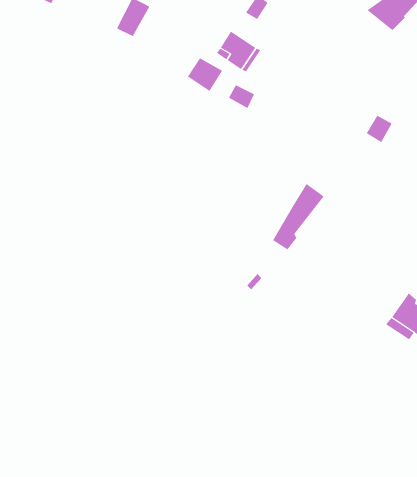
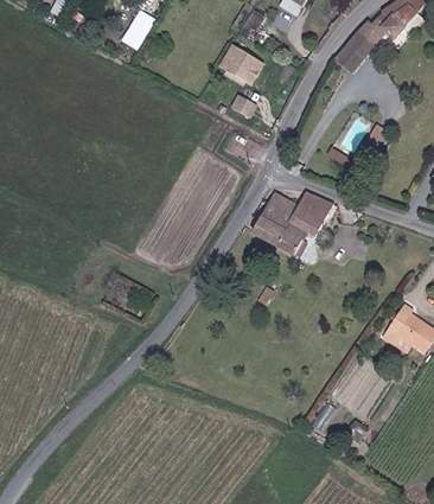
building: none -> [333,24,377,77]
building: [187,58,223,92] -> none
building: none -> [253,185,307,245]

